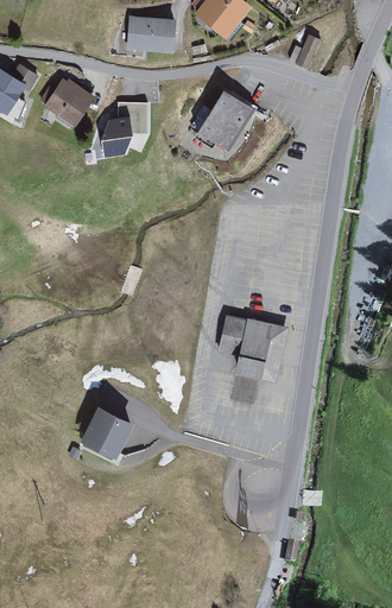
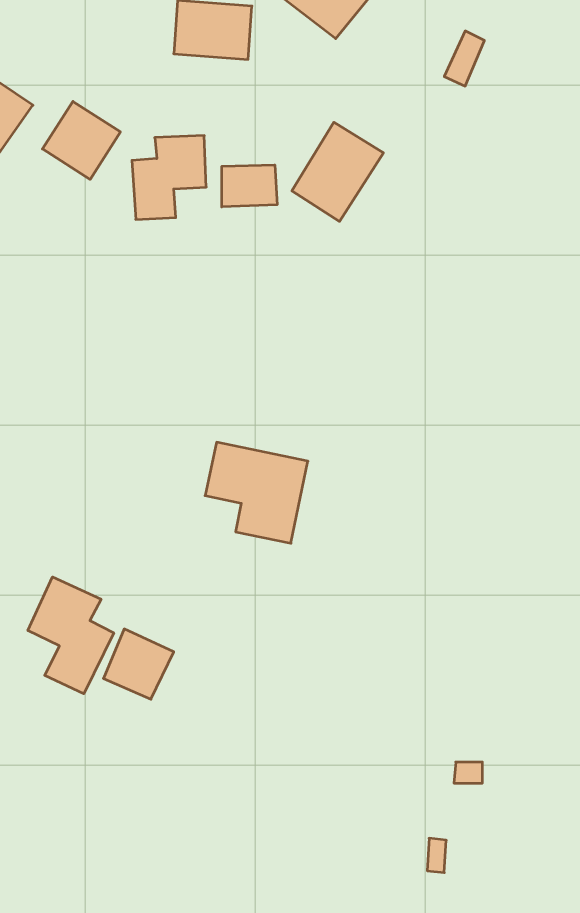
building: none -> [222,165,277,207]
building: [217,315,282,378] -> [205,442,308,543]
building: none -> [28,577,114,694]

